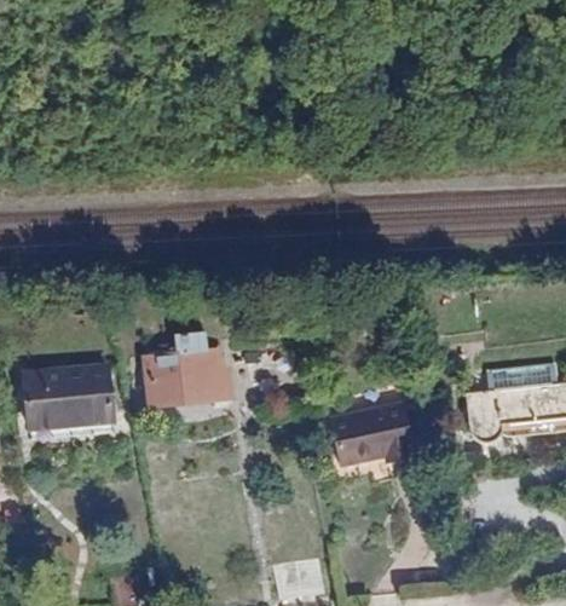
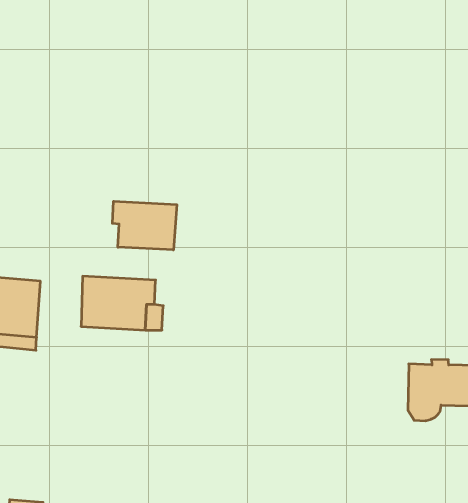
building: none -> [112,201,177,250]
building: [330,400,414,463] -> none

